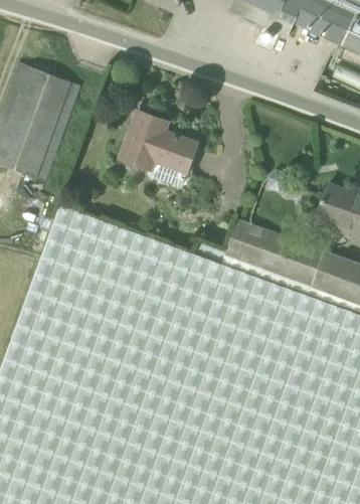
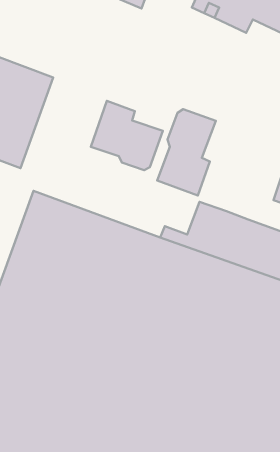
building: none -> [157,109,216,196]

